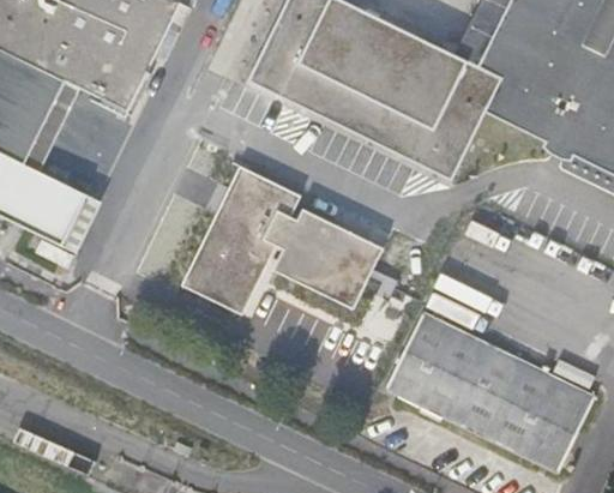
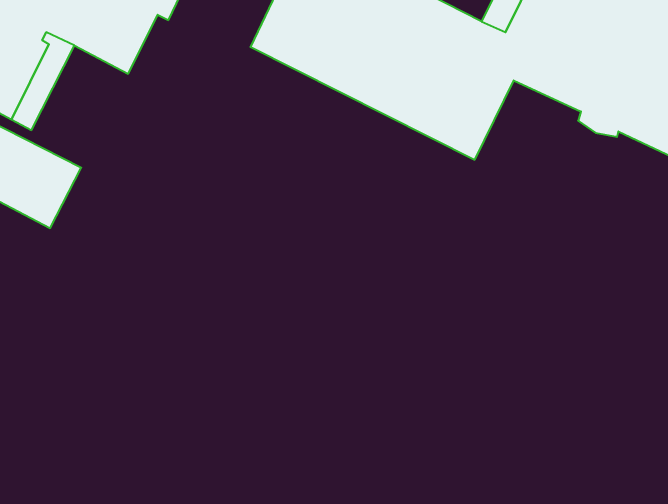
building: [181,163,381,313] -> none
building: [384,307,596,474] -> none

